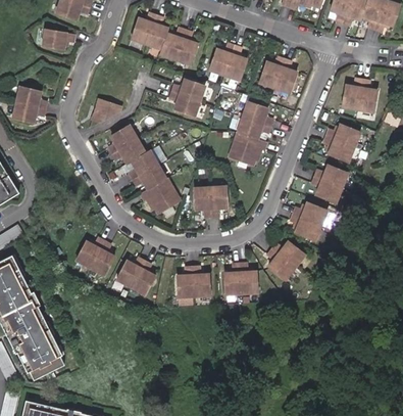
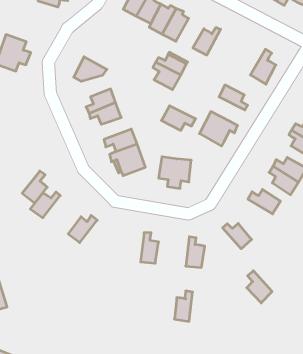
building: [228,46,251,81] -> none
building: [261,57,287,88] -> none
building: [241,115,275,139] -> [161,106,196,130]
building: [132,149,162,178] -> none
building: [290,216,320,241] -> none
building: [86,242,110,276] -> [22,171,47,203]
building: [266,249,294,281] -> [247,271,272,303]
building: [128,262,152,295] -> none
building: [223,264,240,294] -> [174,291,193,321]
building: [177,267,193,297] -> none

